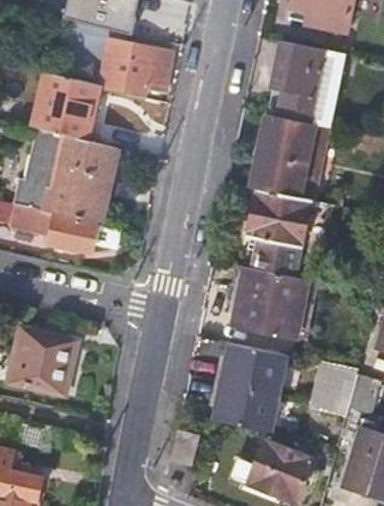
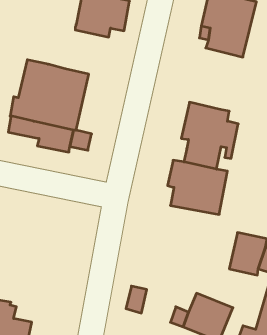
building: [36,73,103,142] -> none
building: [248,113,310,196] -> none
building: [12,328,79,393] -> none
building: [210,340,286,431] -> none

